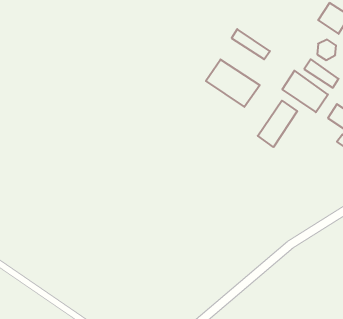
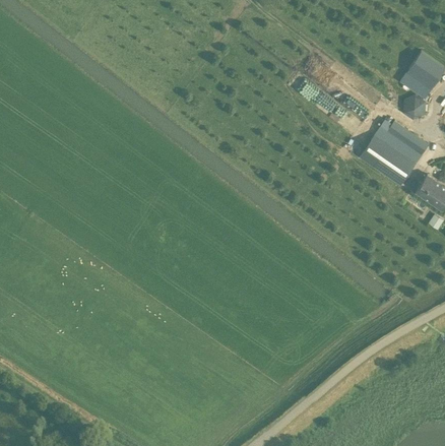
building: [206,59,260,107] -> none
building: [258,101,297,147] -> none

